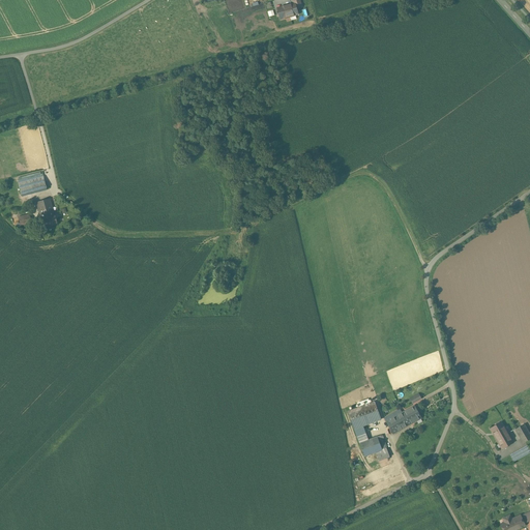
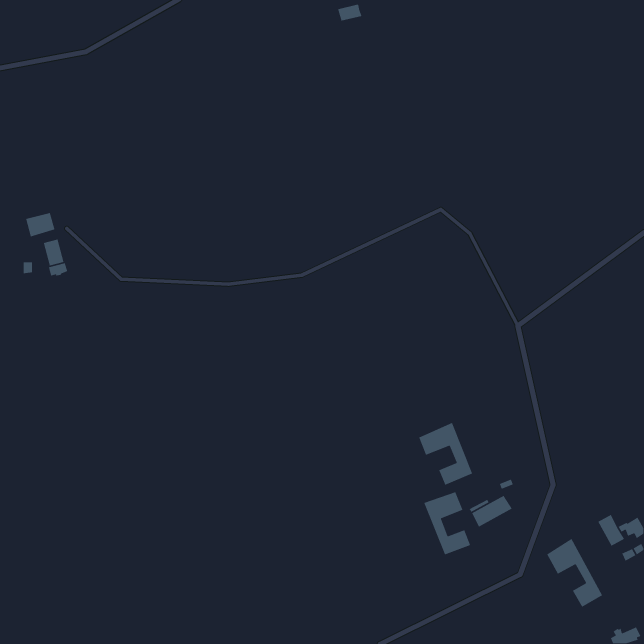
building: none -> [418,422,473,486]
building: none -> [546,538,603,608]

